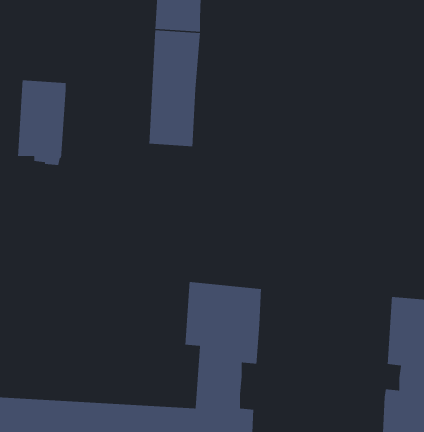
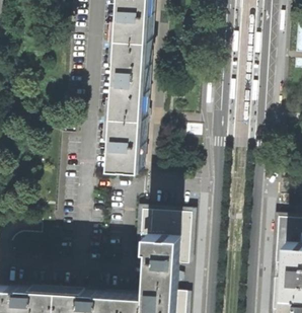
building: [17,80,66,166] -> [109,112,143,171]

